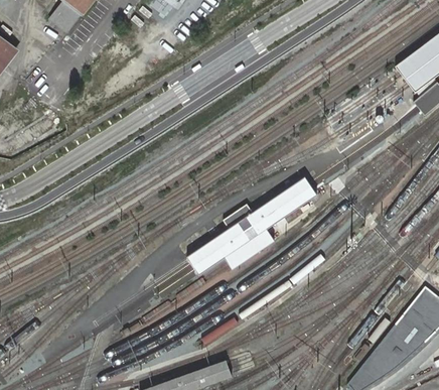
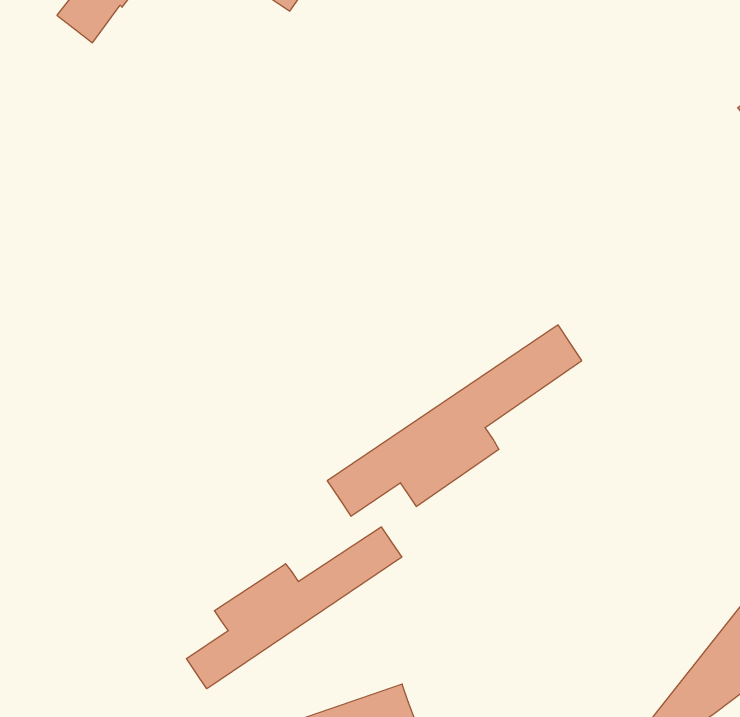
building: none -> [186,527,402,689]

